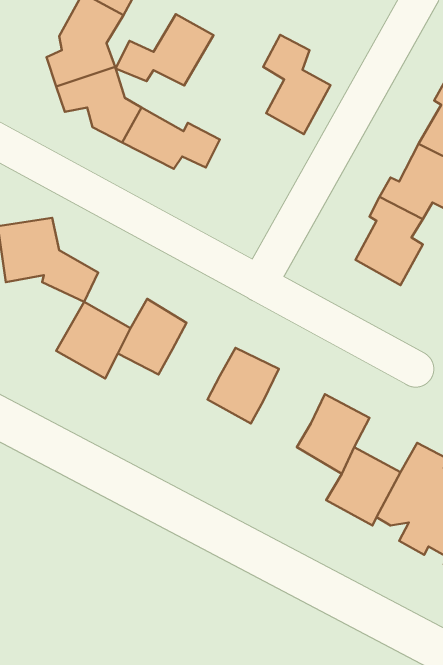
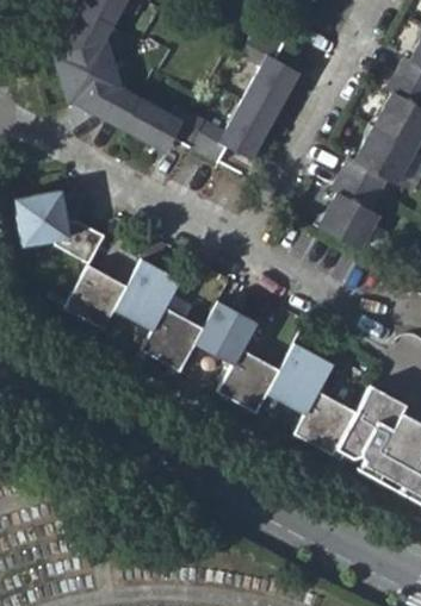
building: [116,14,214,85] -> [193,104,277,164]
building: none -> [141,305,205,370]
building: none -> [218,349,283,413]

